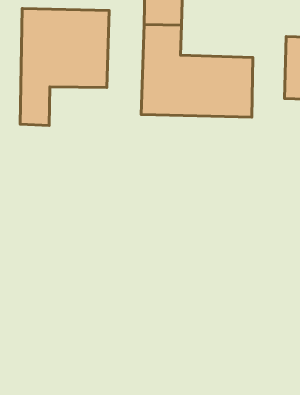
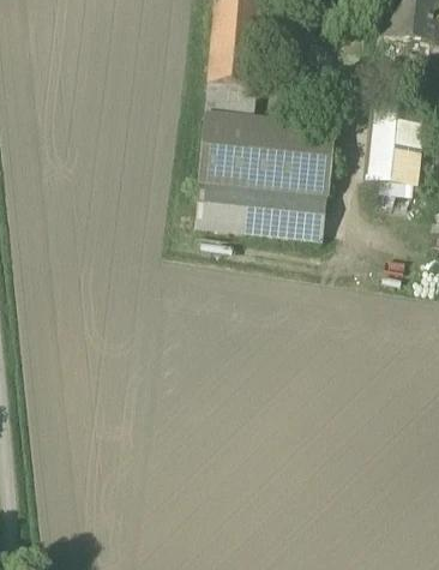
building: [20,8,109,125] -> none
building: none -> [196,186,327,239]

